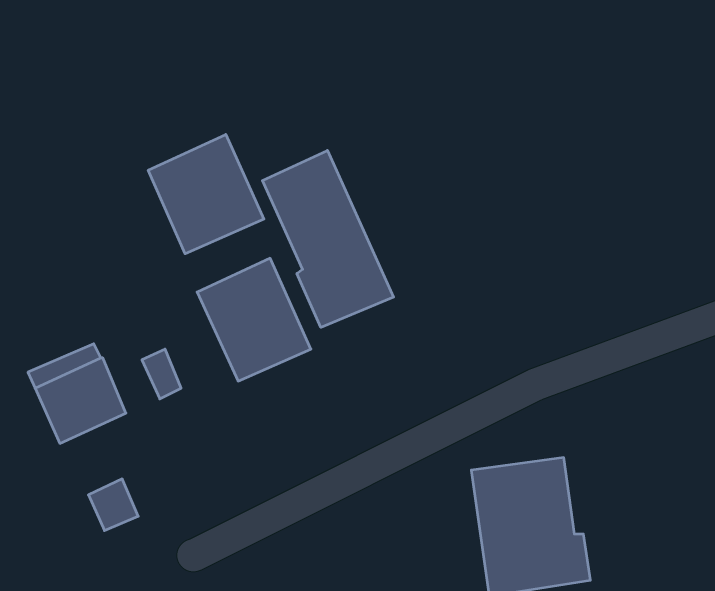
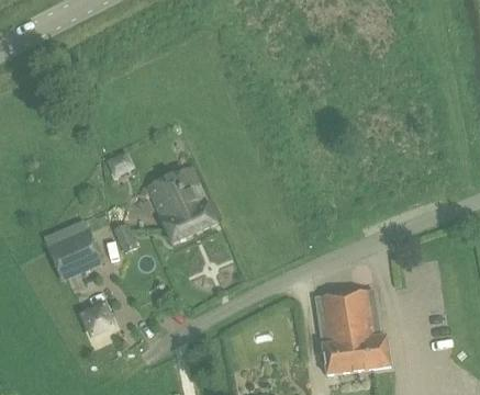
building: [148,134,264,254] -> none
building: [262,150,394,327] -> none

